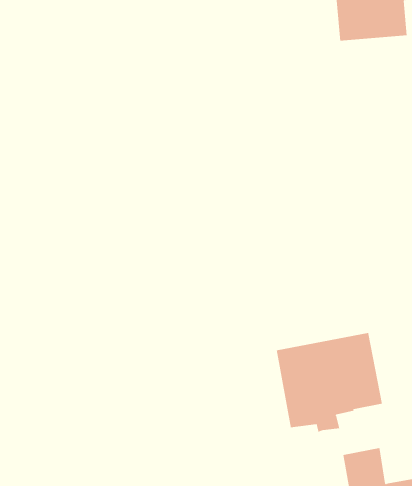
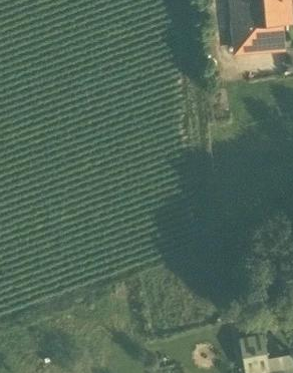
building: [276,332,383,432] -> none

